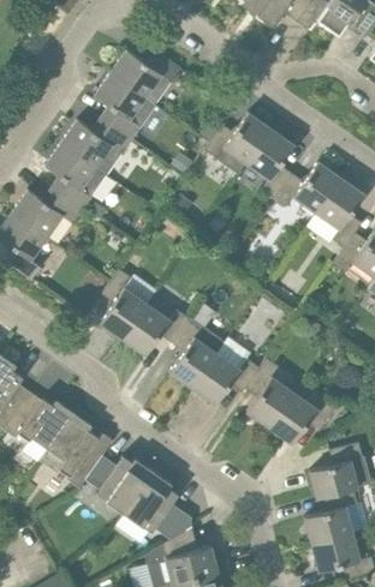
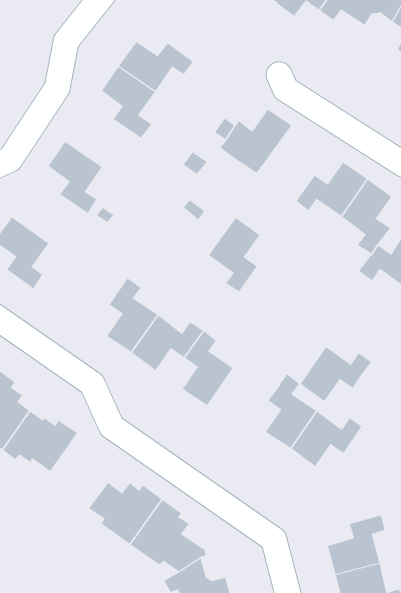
building: [61,120,132,167] -> none
building: [246,128,294,198] -> [208,217,260,292]
building: [12,190,83,238] -> none
building: [194,353,260,405] -> [300,346,371,402]
building: [48,413,101,489] -> none
building: [310,443,363,498] -> none

